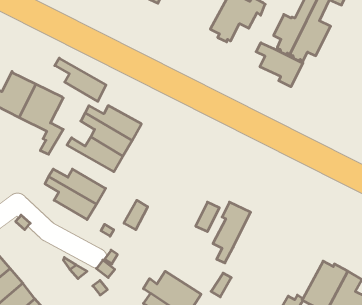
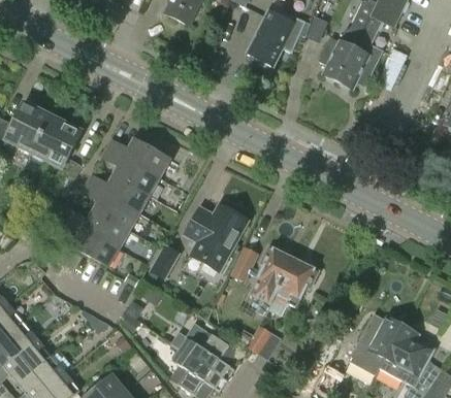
building: [256,43,303,87] -> none
building: [55,58,106,101] -> [80,184,138,232]
building: none -> [184,208,247,271]
building: none -> [272,259,317,306]

